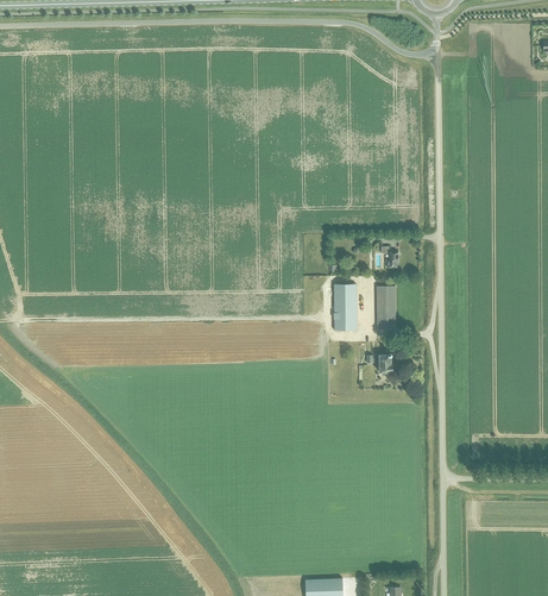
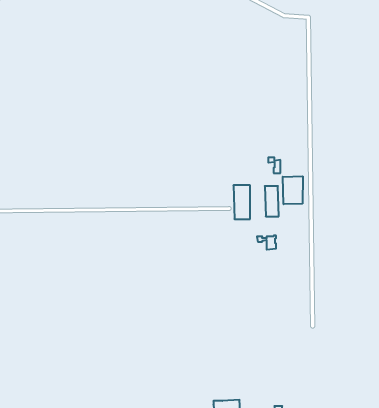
building: none -> [283,176,303,204]

